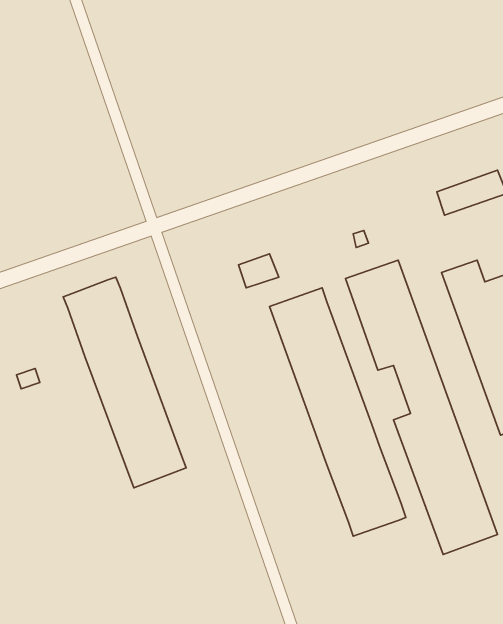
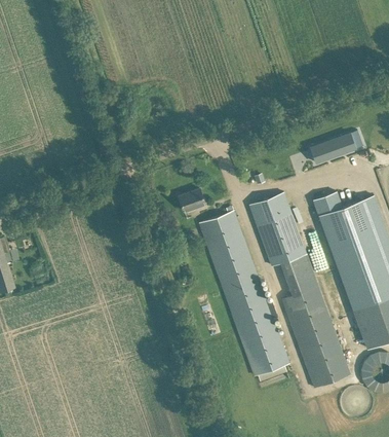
building: [63,277,186,488] -> none

